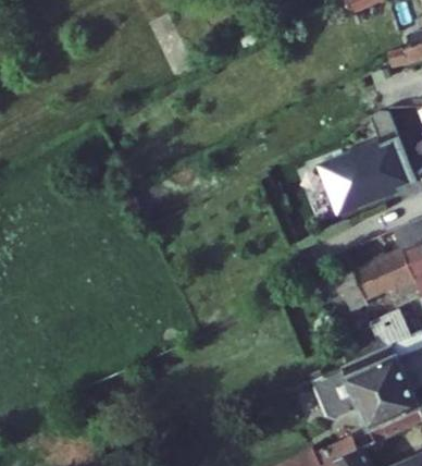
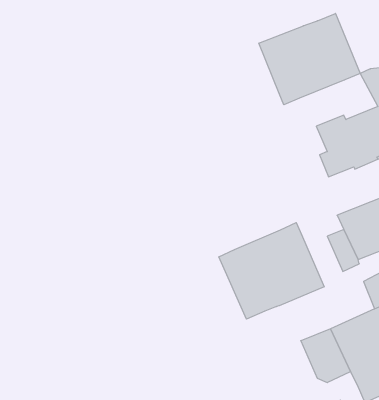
building: none -> [259,13,360,105]
building: none -> [219,223,324,319]

